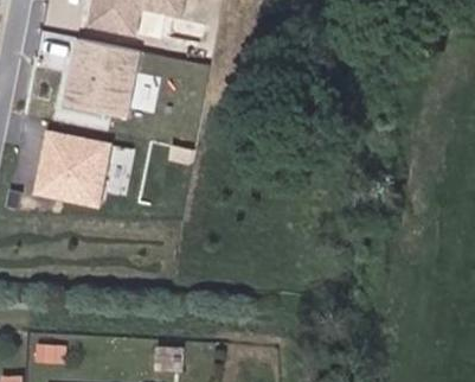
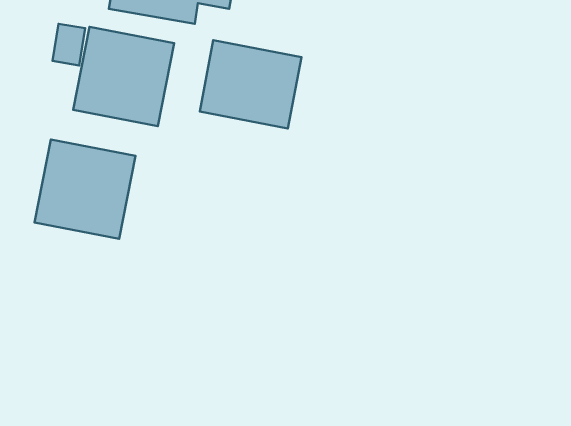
building: none -> [200,40,301,129]

